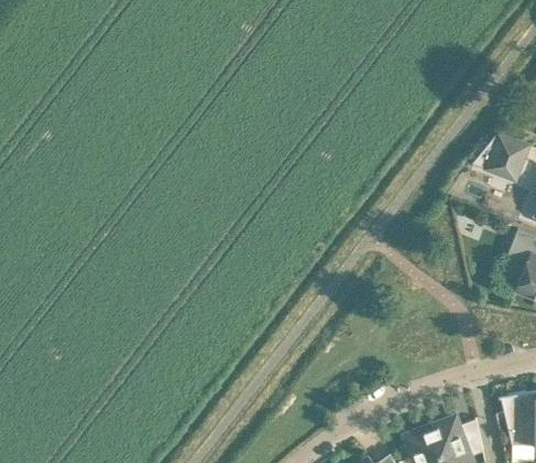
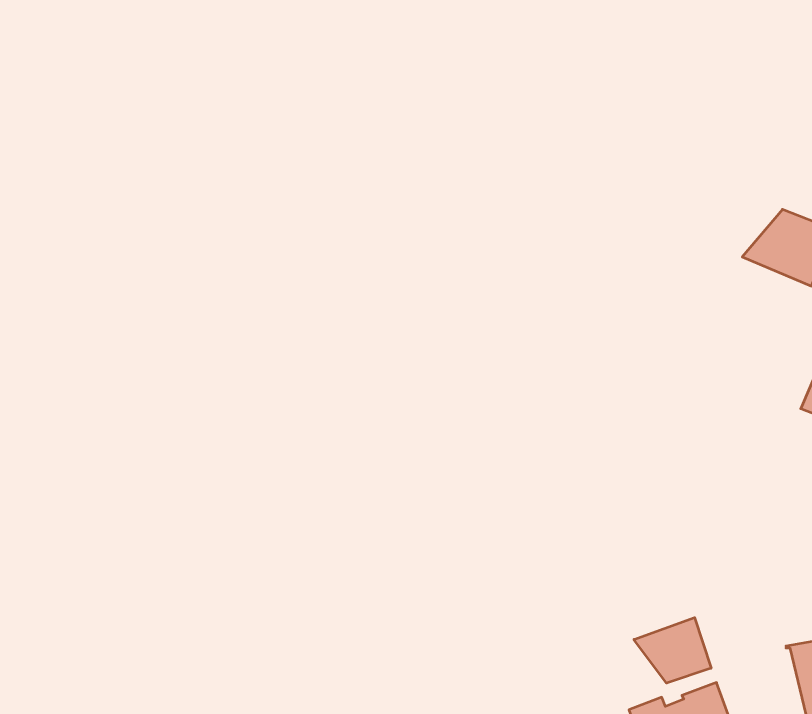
building: none -> [634,618,711,683]

